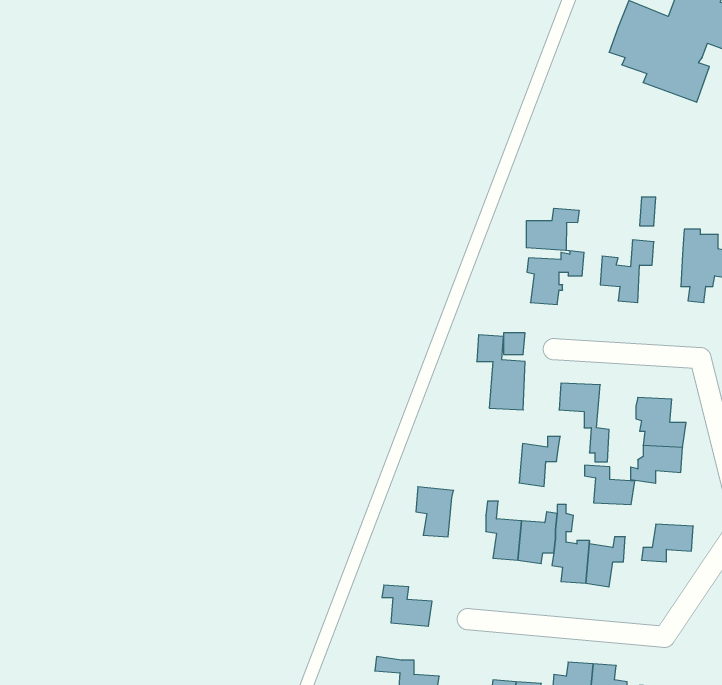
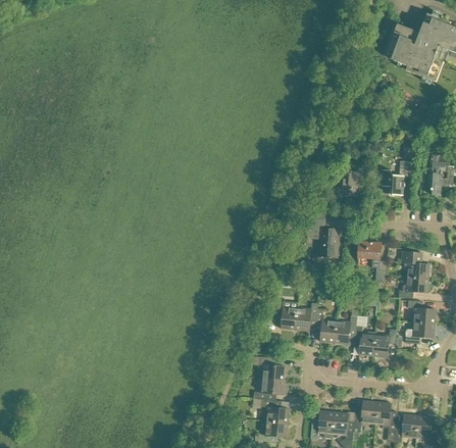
building: [526,208,579,251] -> none
building: [519,436,560,486] -> [295,303,318,332]
building: [585,465,635,505] -> [408,301,437,323]
building: none -> [254,379,284,400]

